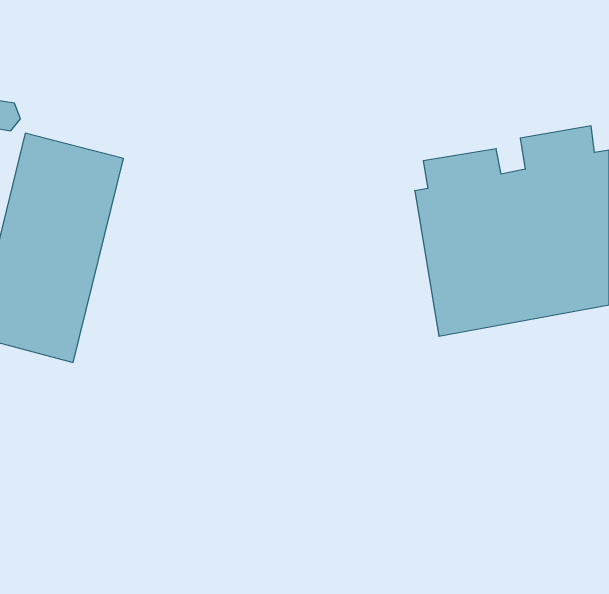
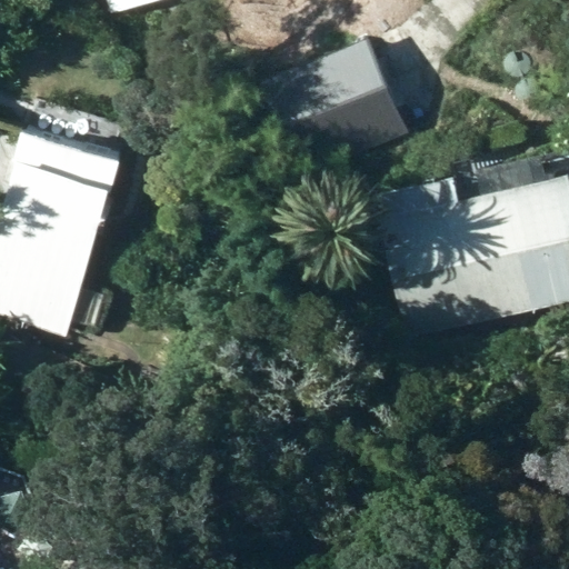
building: none -> [267,30,413,169]

